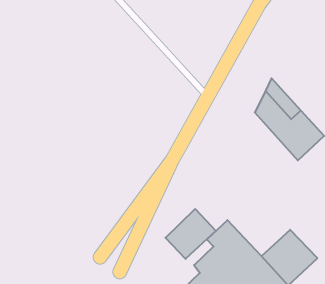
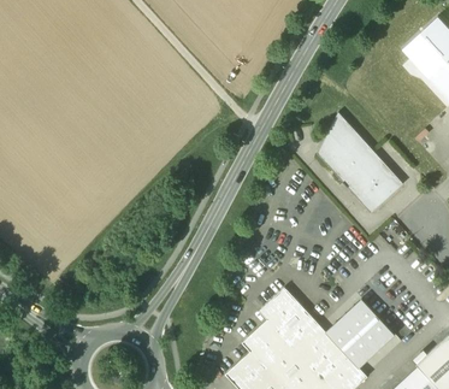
building: [165,209,216,259] -> none

